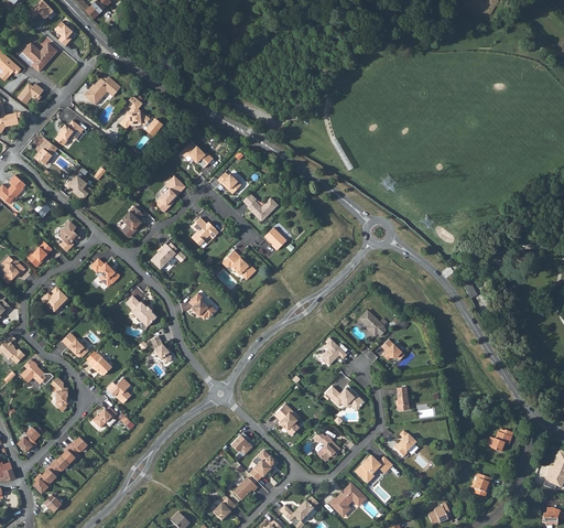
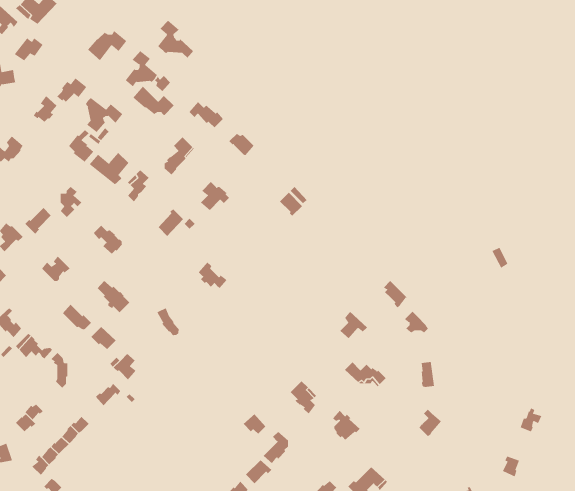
building: none -> [157,20,194,59]
building: none -> [133,86,175,116]
building: none -> [85,97,123,133]
building: none -> [89,152,129,185]
building: [242,193,278,222] -> none
building: [221,249,256,280] -> none
building: [126,295,156,326] -> [97,280,130,313]
building: [357,455,393,484] -> none

